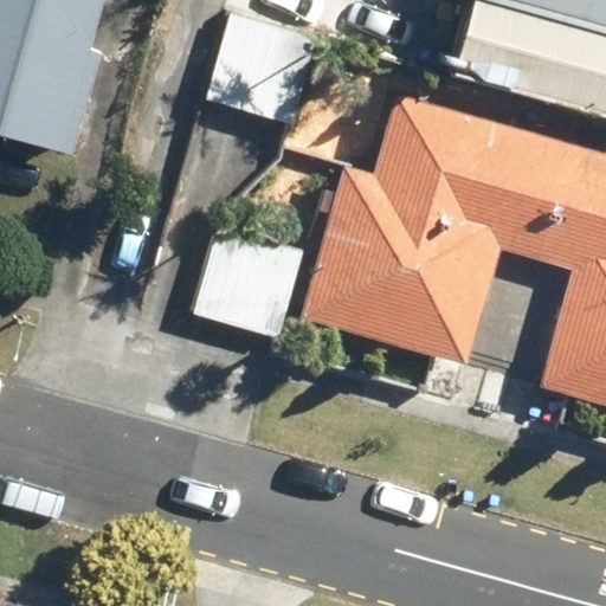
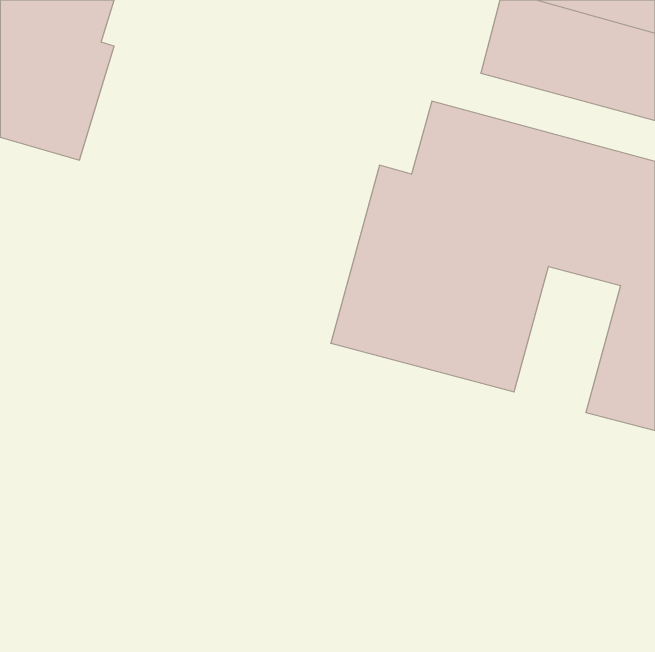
building: [205,15,312,122] -> none
building: [189,225,302,339] -> none

